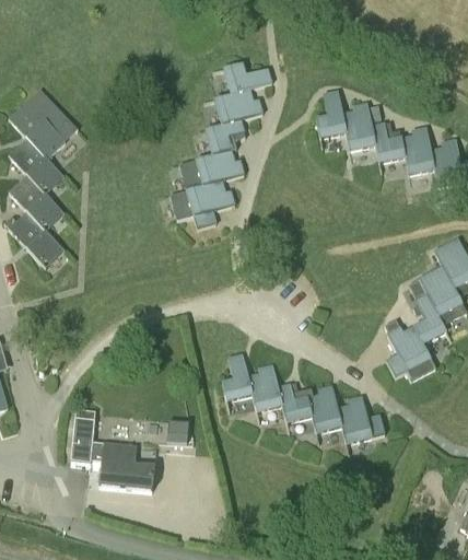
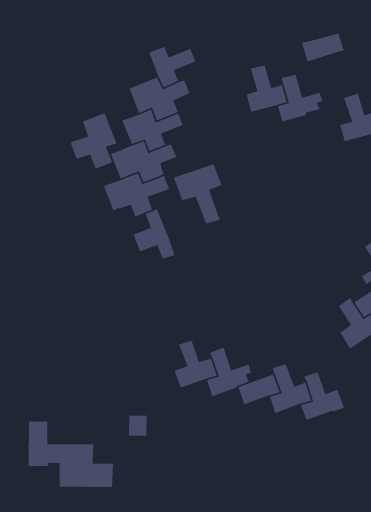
building: none -> [70,112,118,170]
building: [374,136,417,173] -> [301,32,345,73]
building: none -> [173,149,222,225]
building: none -> [133,205,175,260]

